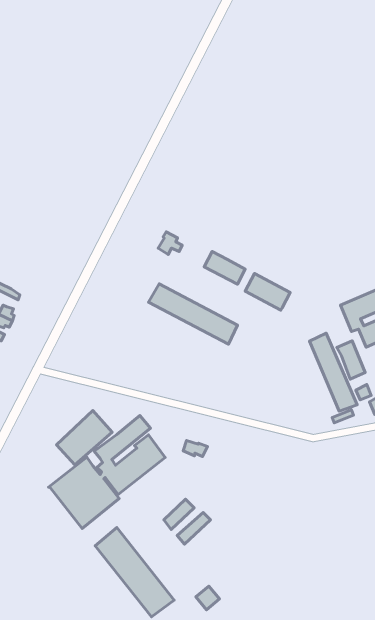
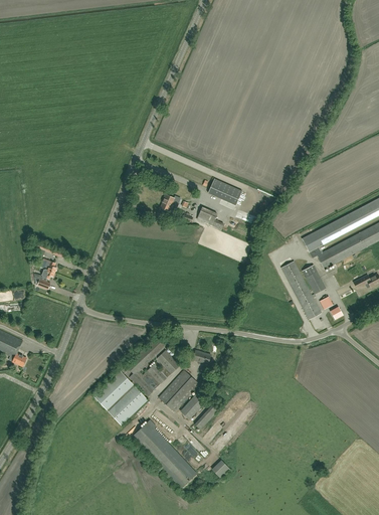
building: [245,273,290,310] -> [208,178,242,204]
building: [149,284,237,344] -> none
building: [57,411,112,465] -> [159,369,200,411]

